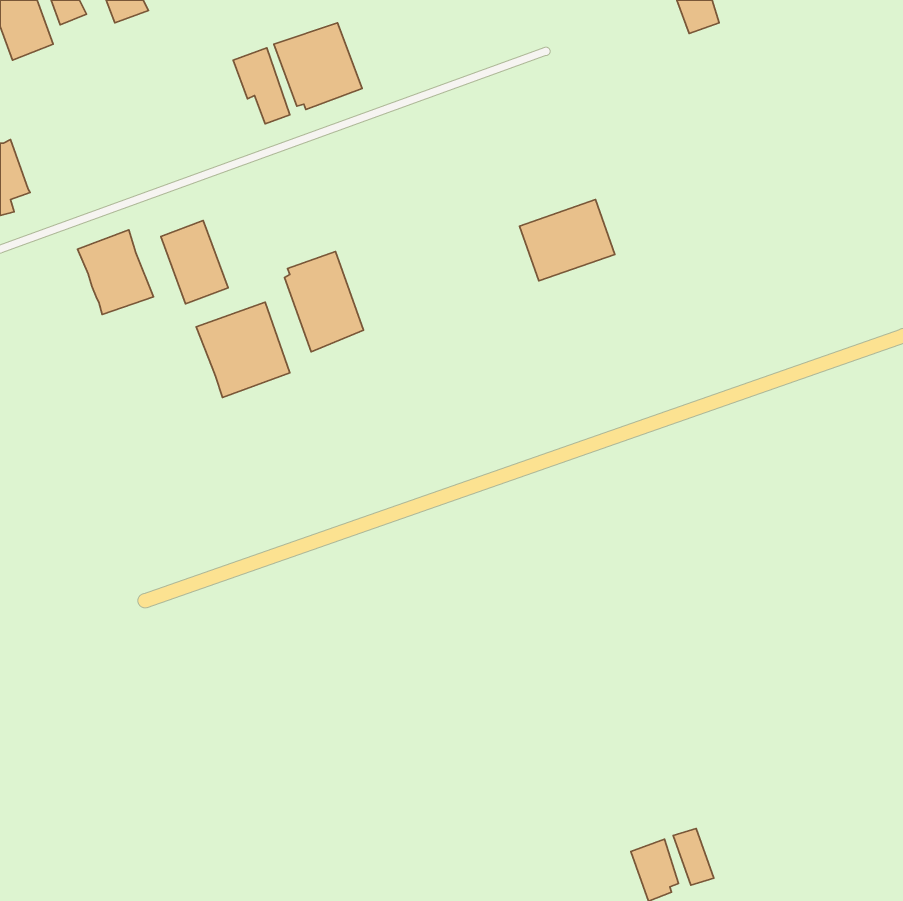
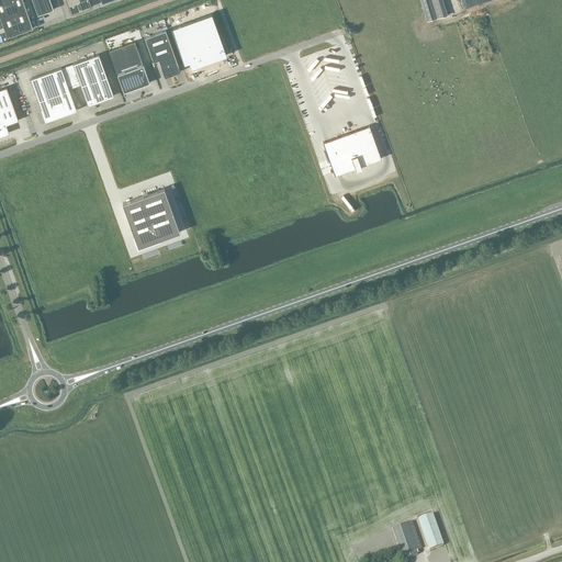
building: none -> [109,43,149,92]
building: [161,221,228,304] -> [72,55,114,106]
building: [78,230,154,315] -> [30,68,77,121]
building: [285,251,363,352] -> none

